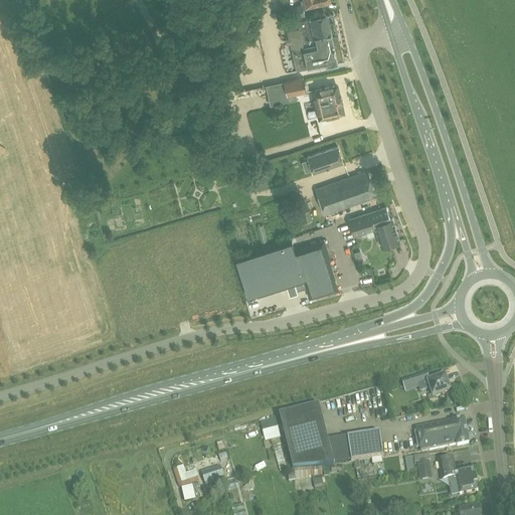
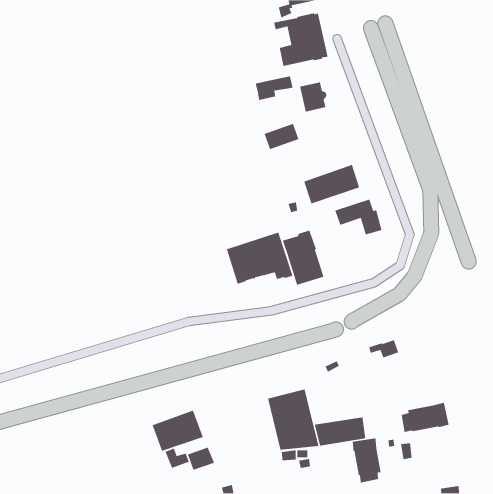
building: [305,144,342,172] -> [264,123,299,150]
building: [415,375,448,395] -> [368,339,399,359]
building: none -> [152,410,204,452]
building: none -> [352,437,382,483]
building: [437,458,475,492] -> none

